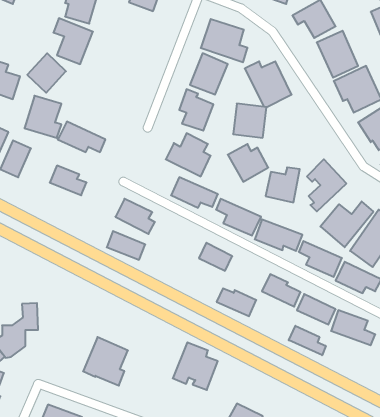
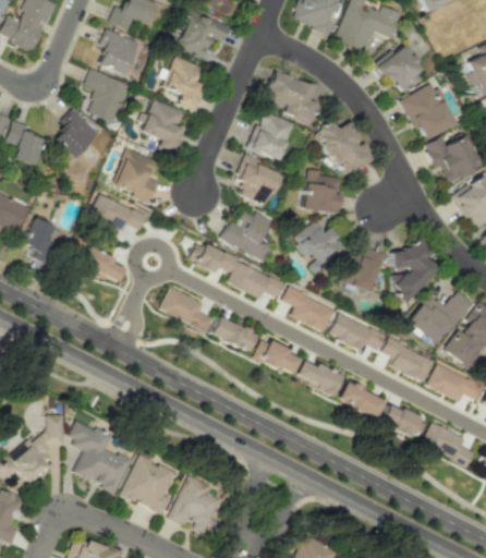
building: none -> [163,57,205,111]
building: none -> [142,99,185,154]
building: [24,96,61,138] -> [114,148,159,199]
building: none -> [195,243,234,271]
building: [107,231,145,260] -> [209,315,256,350]
building: [217,288,256,316] -> [294,360,342,393]
building: none -> [69,421,131,492]
building: [289,326,326,355] -> none
building: [173,342,218,390] -> [169,475,223,533]

